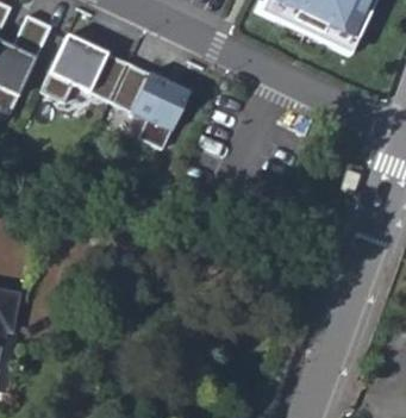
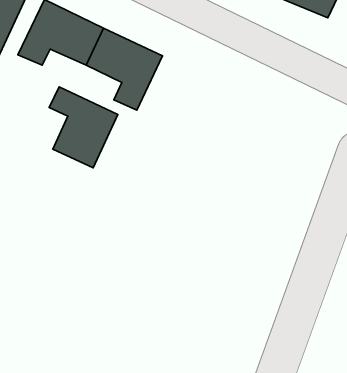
building: none -> [49,87,118,168]

